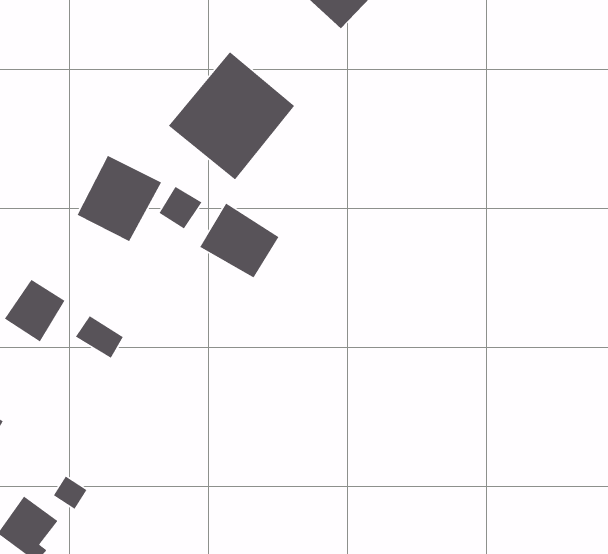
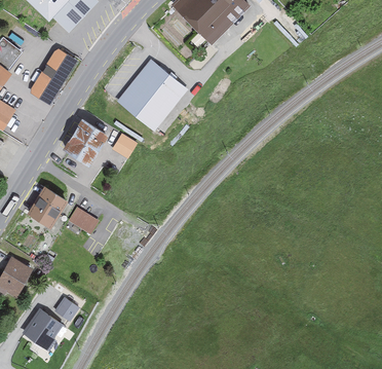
building: none -> [27,43,75,102]
building: [199,203,280,279] -> none

